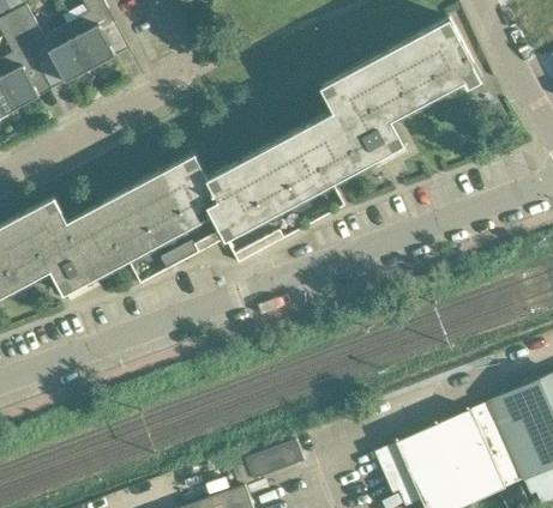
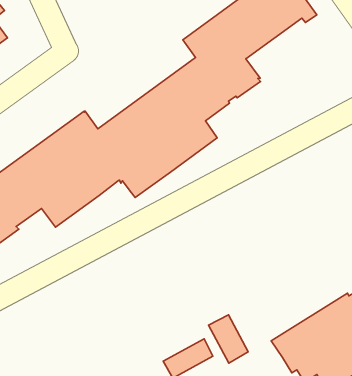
building: none -> [209,315,248,363]

